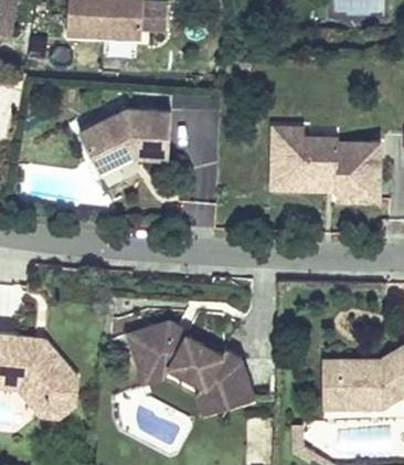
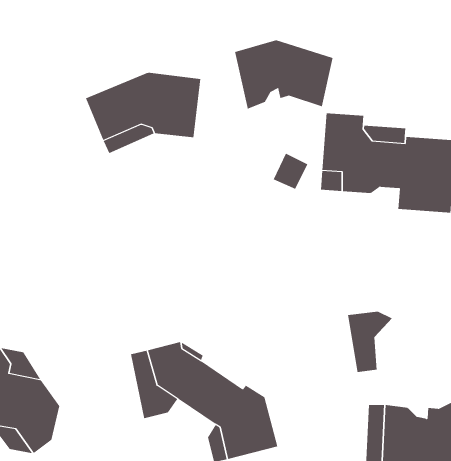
building: none -> [235,39,333,110]
building: none -> [347,311,393,373]

